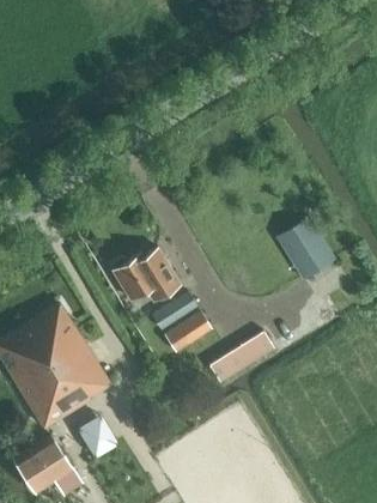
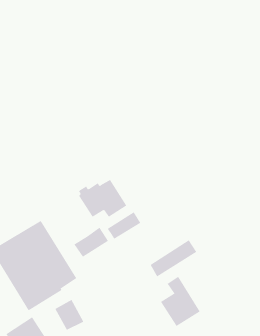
building: [275,217,335,280] -> none
building: [164,311,212,353] -> [74,227,109,258]
building: none -> [160,276,201,327]

